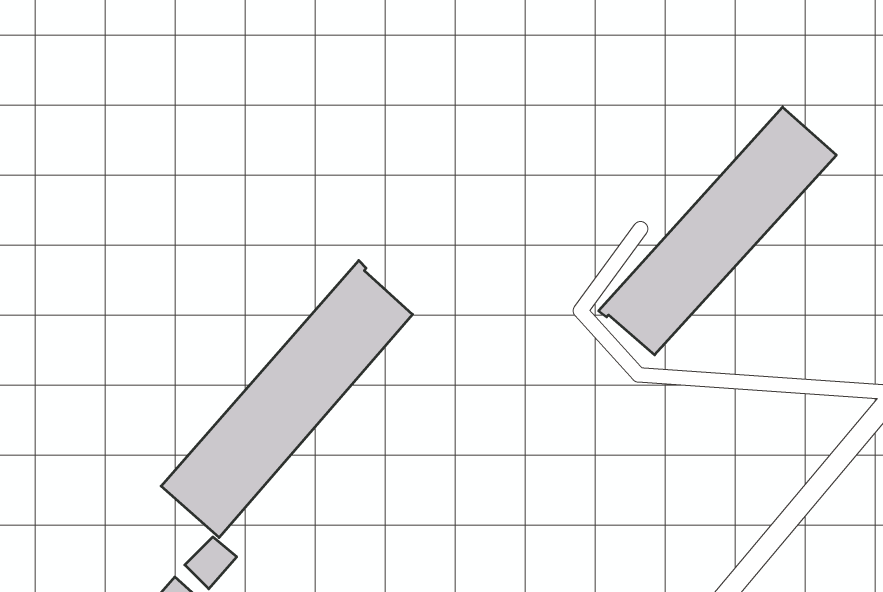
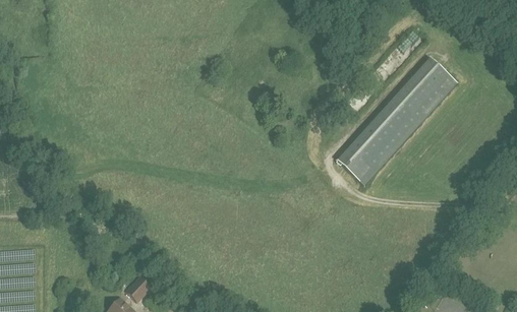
building: [161,260,413,538] -> none

